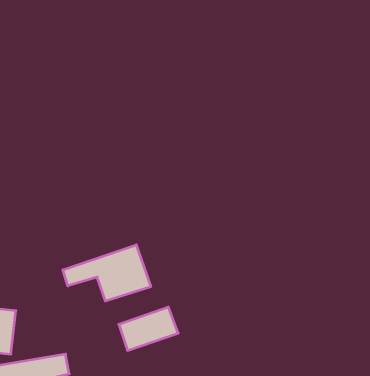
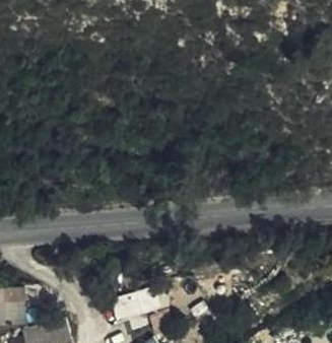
building: [63,245,151,301] -> none

